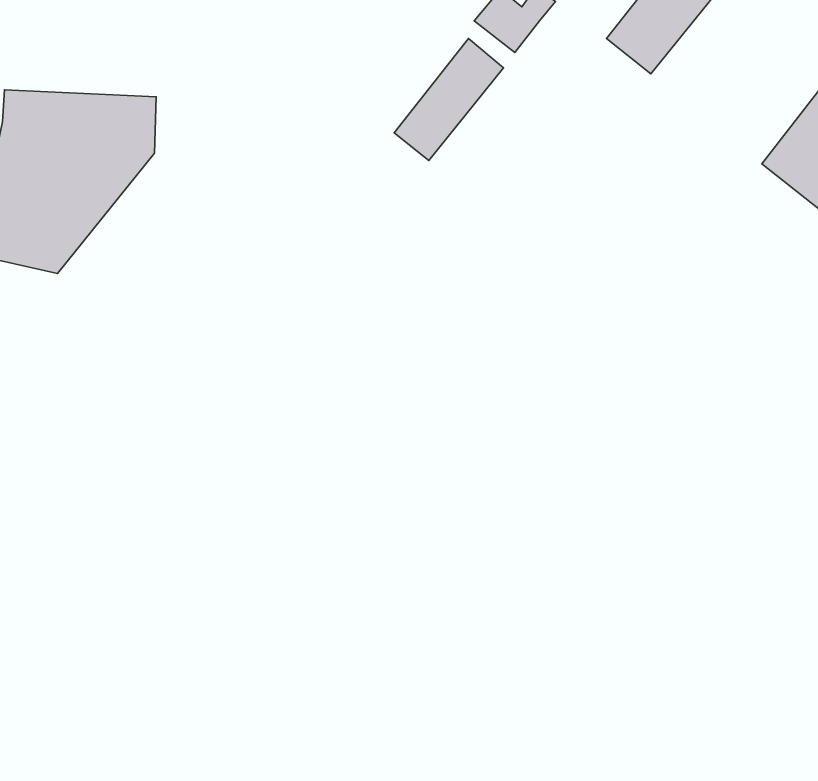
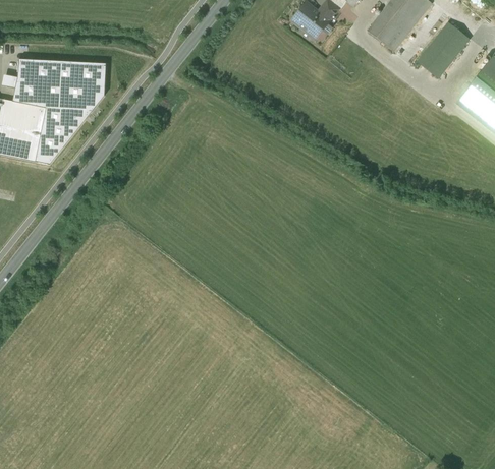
building: none -> [418,21,469,77]
building: [394,38,503,160] -> none

